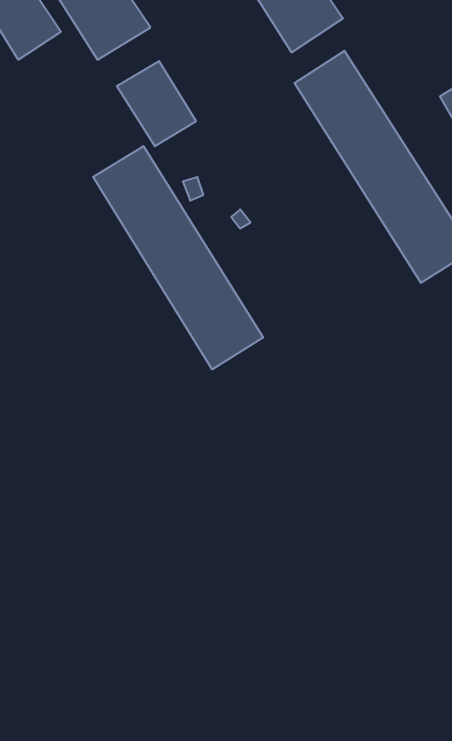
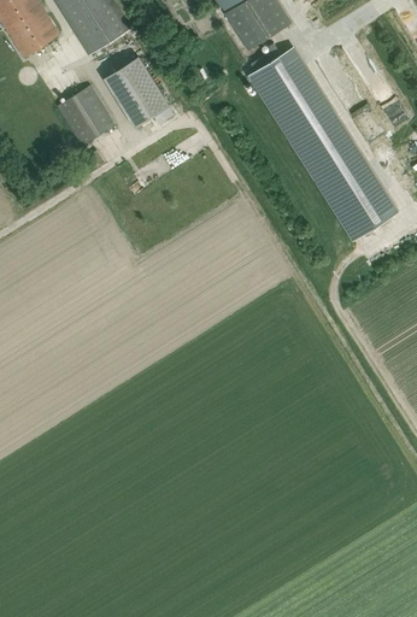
building: none -> [57,84,114,145]
building: [93,146,263,369] -> none

